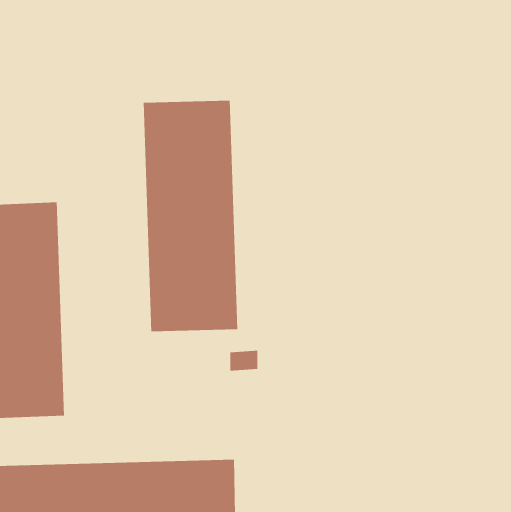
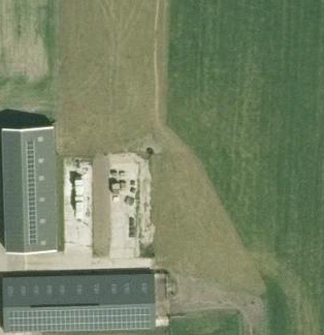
building: [143,100,238,332] -> none

